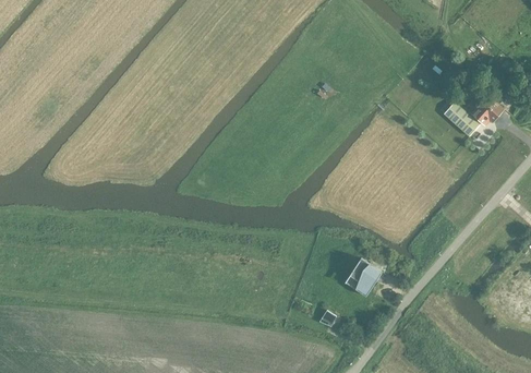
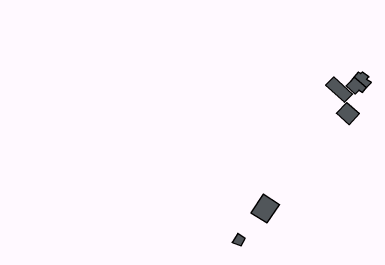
building: none -> [336,103,359,125]

